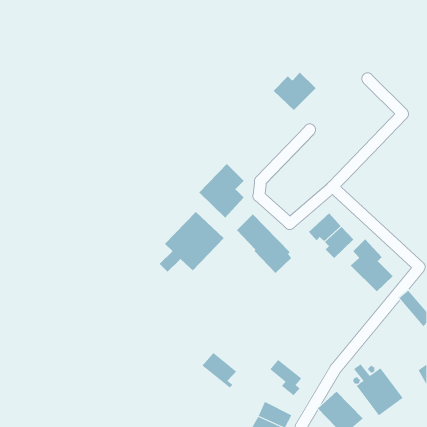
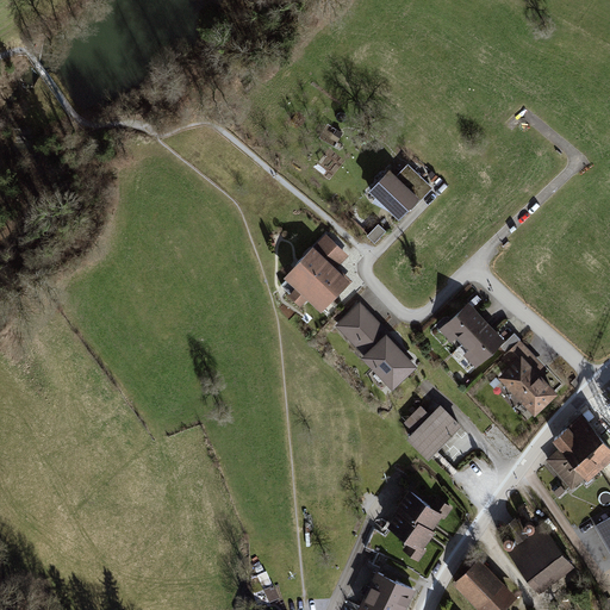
building: [273,71,316,111] -> [368,166,430,222]
building: [159,211,225,272] -> none
building: none -> [405,406,461,461]
building: none -> [544,425,603,491]
building: [202,352,237,388] -> [390,488,440,540]

